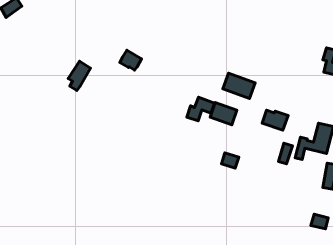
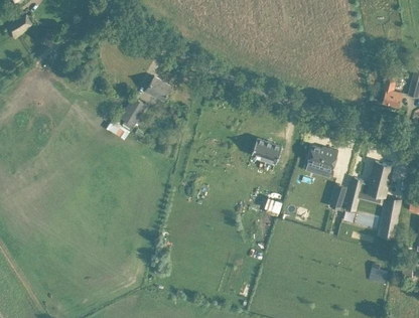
building: [68,61,91,91] -> [120,98,146,132]
building: [223,73,255,98] -> none
building: [187,97,215,121] -> none

